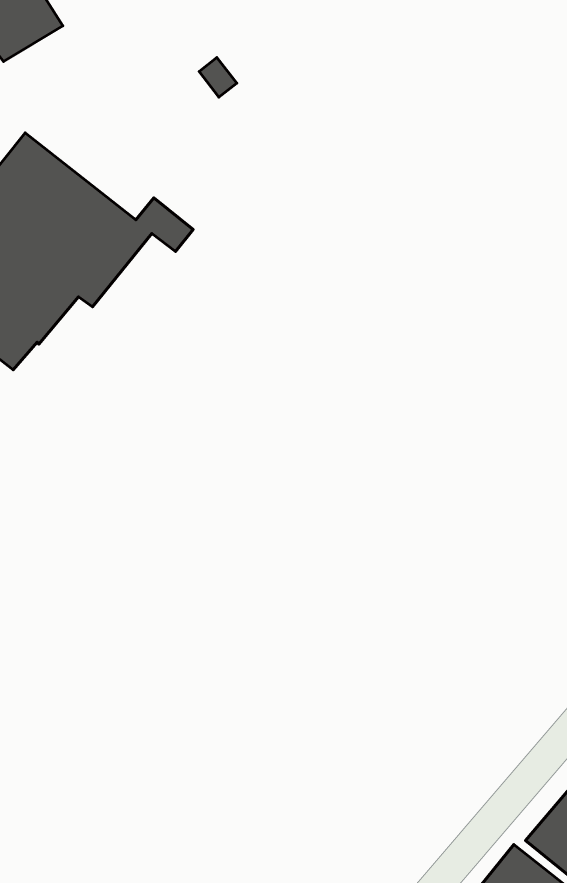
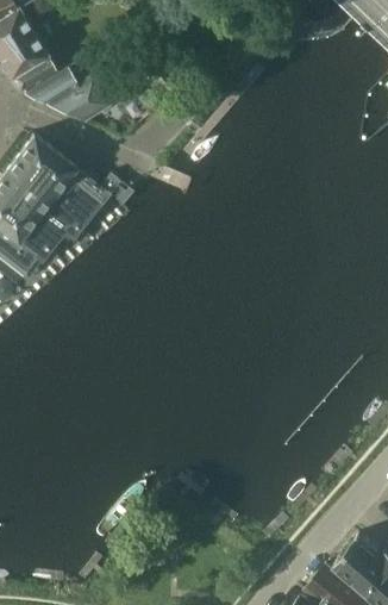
building: none -> [27,69,112,120]

